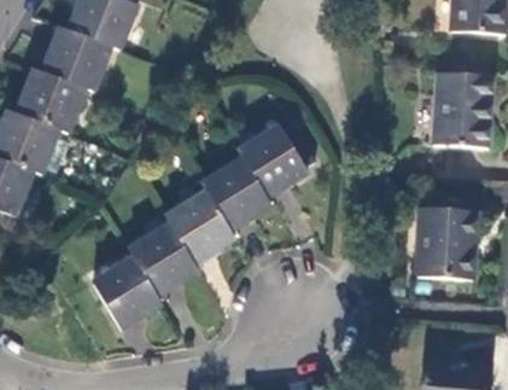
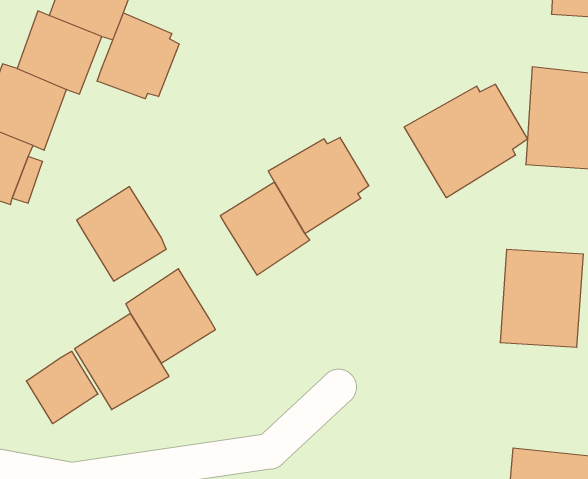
building: none -> [97,13,179,99]
building: none -> [404,84,527,198]
building: [165,187,233,258] -> [77,187,166,281]
building: none -> [26,351,98,424]

